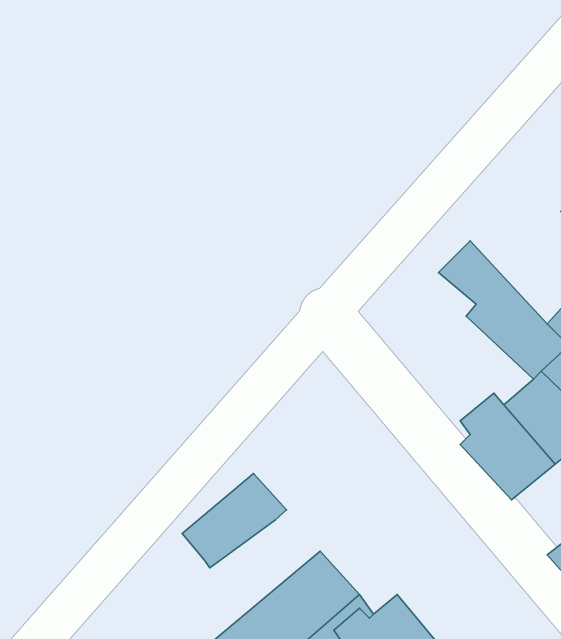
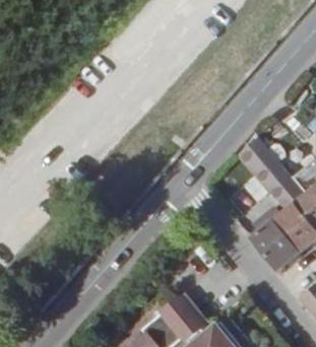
building: [182,474,287,568] -> none

